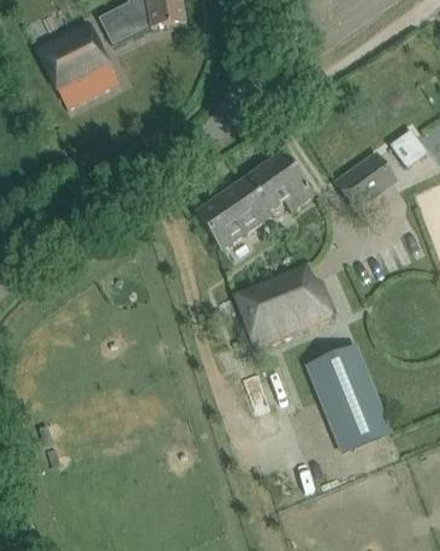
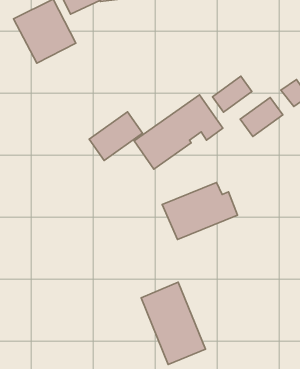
building: none -> [212,76,252,112]
building: none -> [89,112,143,161]
building: [305,343,391,453] -> [141,282,205,365]

